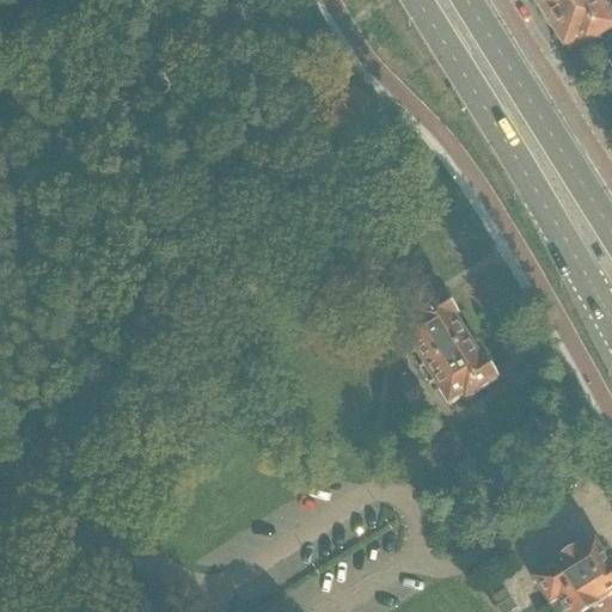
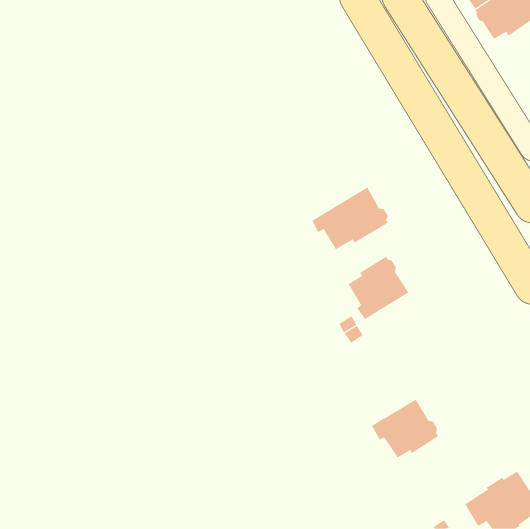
building: none -> [312,187,389,250]
building: [421,336,498,404] -> [371,399,439,458]

